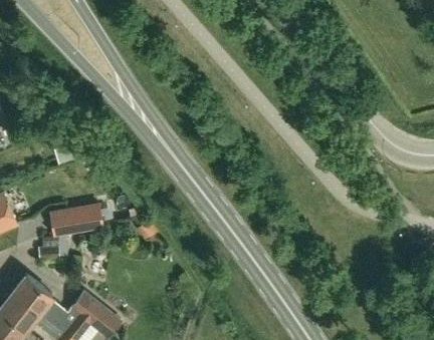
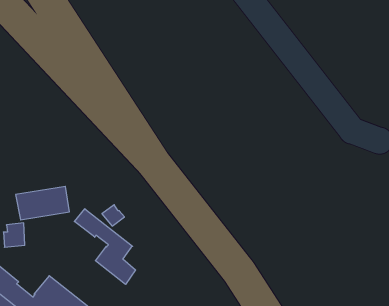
building: none -> [74,209,136,284]

